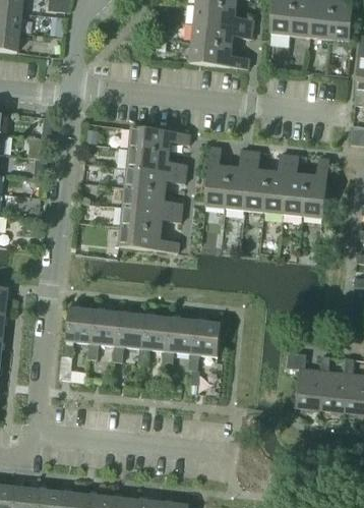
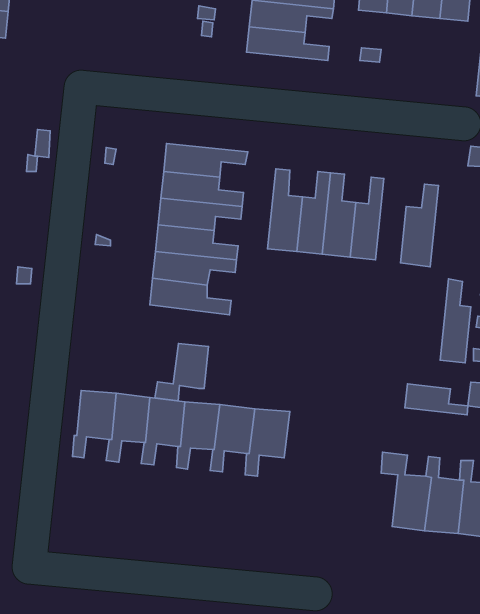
building: [283,154,305,215] -> [440,279,471,363]
building: none -> [155,343,208,401]
building: none -> [405,384,468,415]

